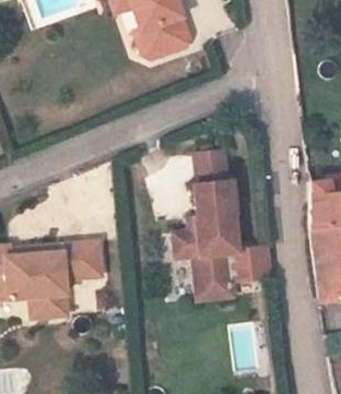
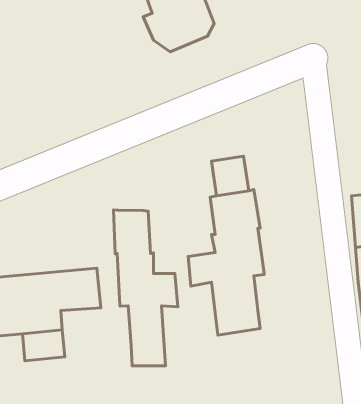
building: none -> [114,210,178,366]
building: [228,244,270,280] -> none

